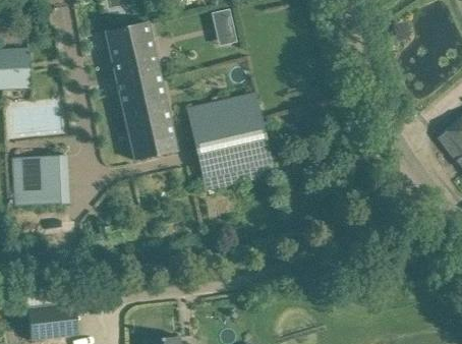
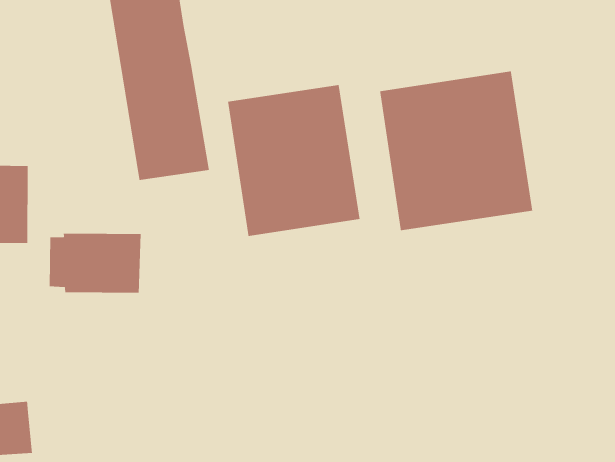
building: none -> [379,71,533,231]
building: none -> [49,233,141,294]

